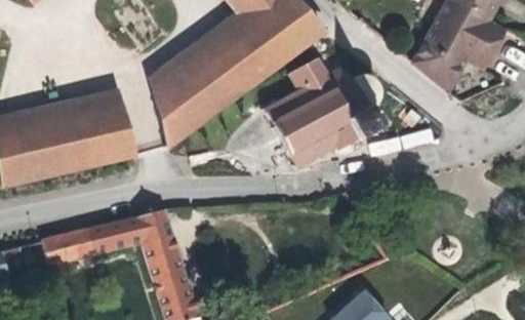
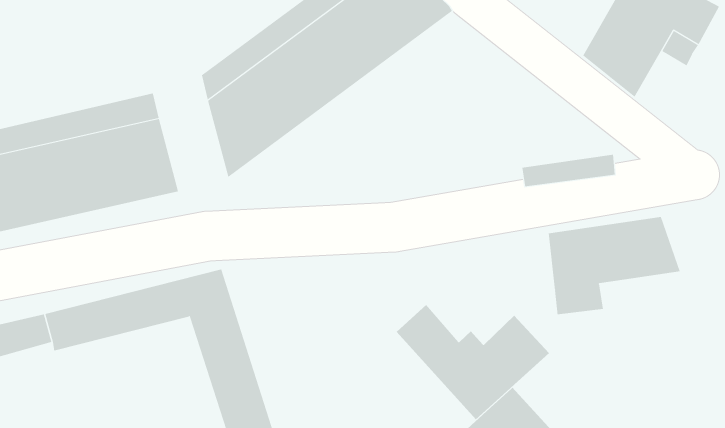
building: [261,57,382,169] -> none
building: none -> [548,216,680,315]
building: none -> [396,304,550,420]

